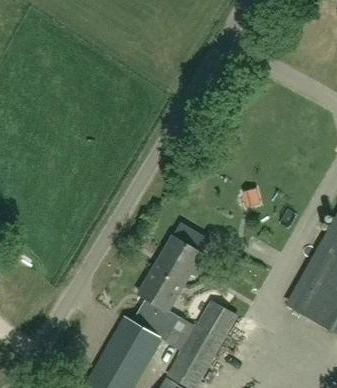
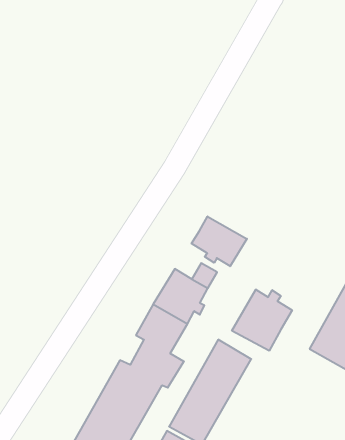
building: none -> [192,216,247,266]
building: none -> [232,289,292,351]

